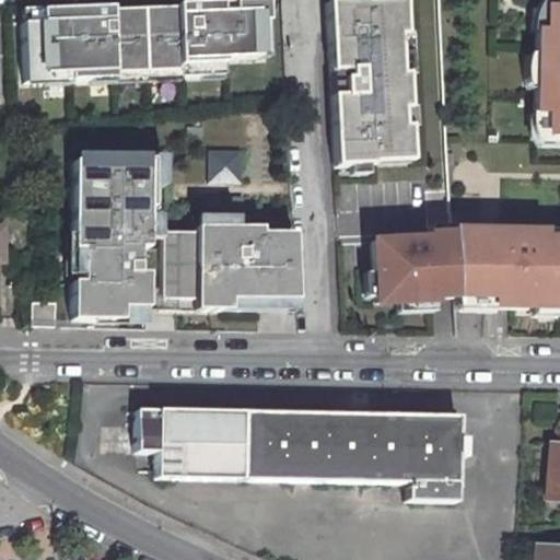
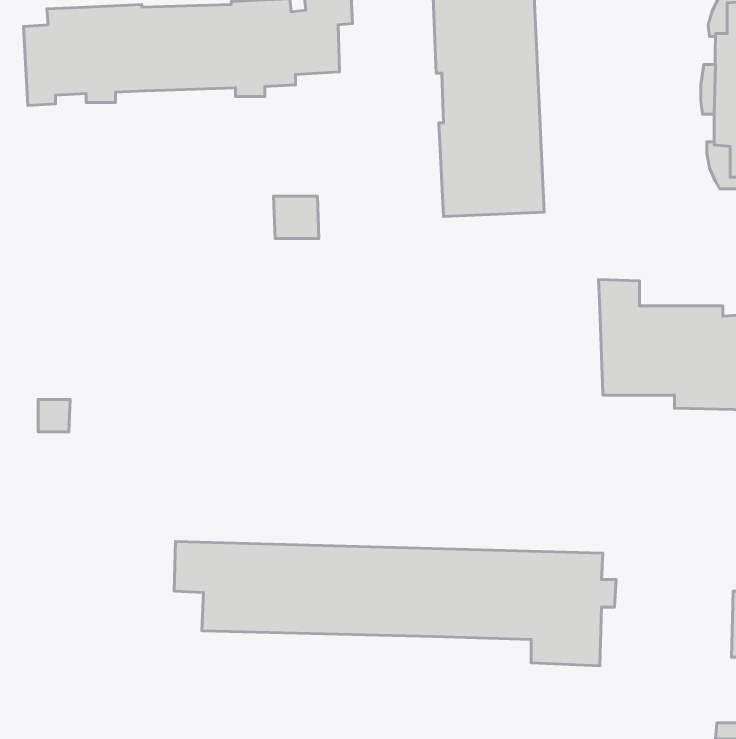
building: [77,154,158,317] -> none
building: [165,223,302,307] -> none
building: [377,231,459,298] -> none

